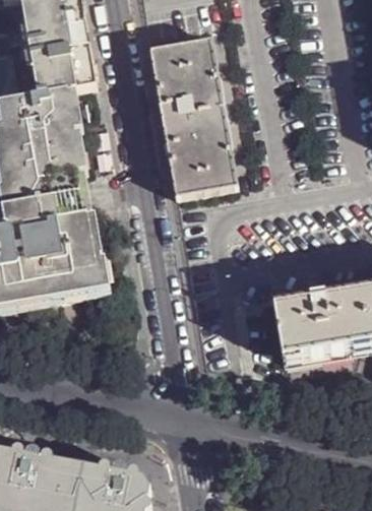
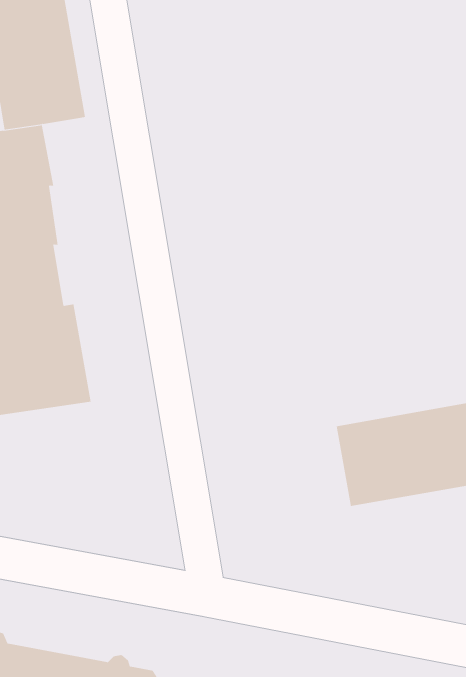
building: [149,38,236,195] -> none

